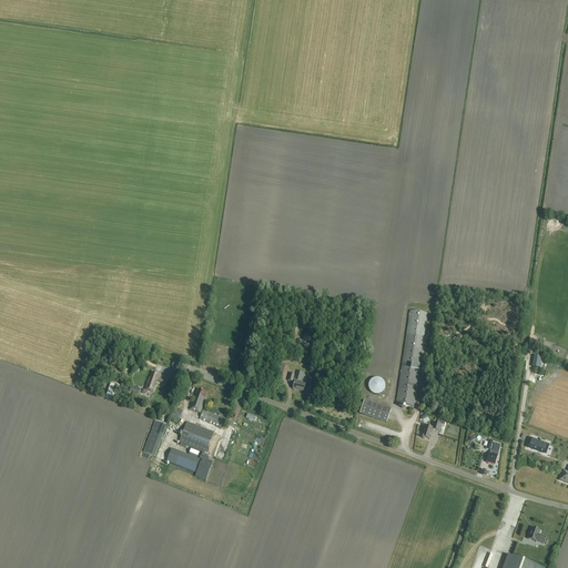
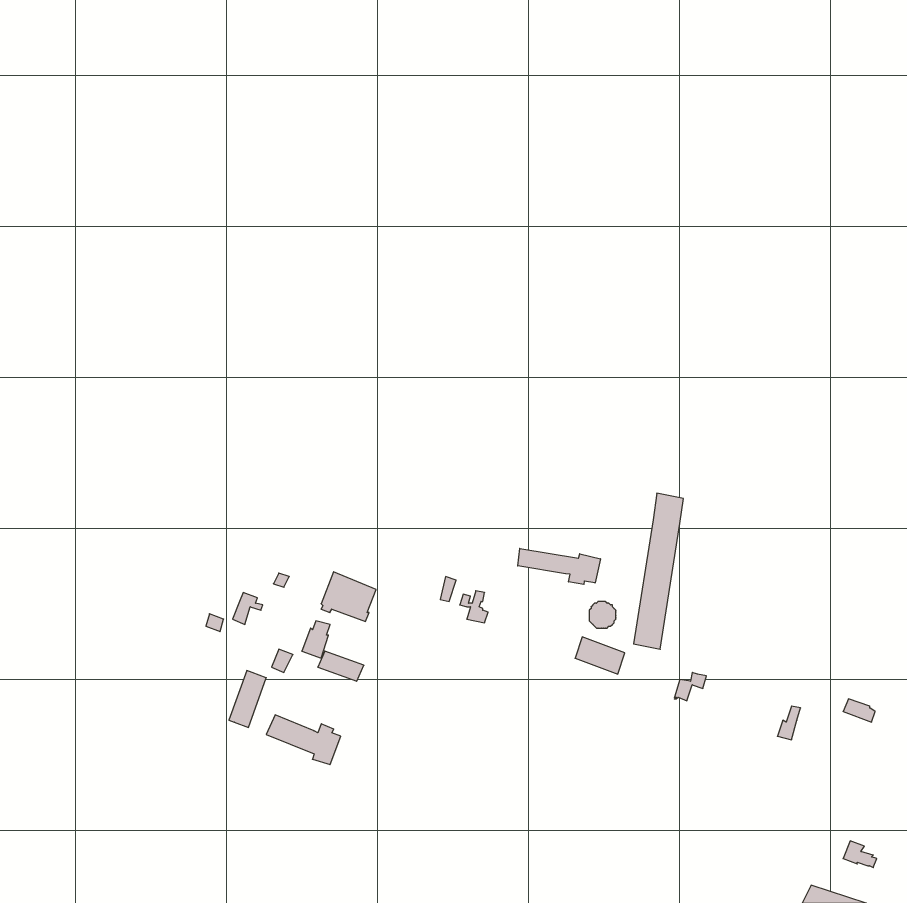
building: none -> [518,548,600,584]
building: [180,420,214,452] -> [321,572,376,621]

